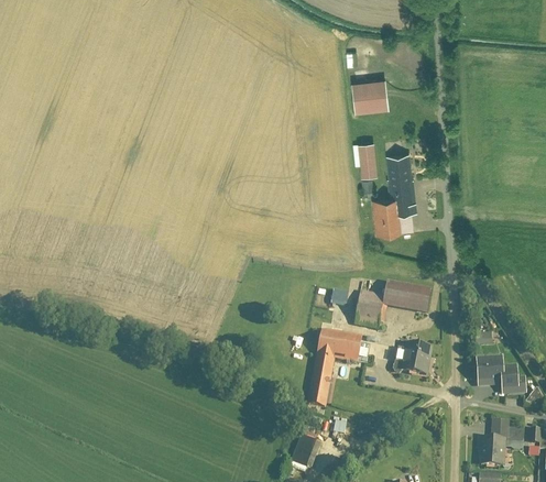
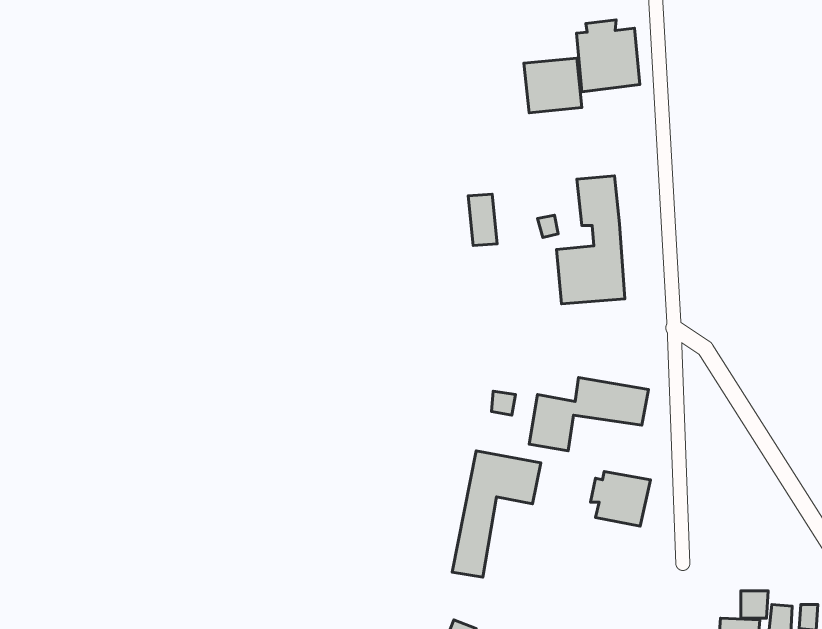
building: none -> [577,20,640,92]
building: [357,139,375,172] -> [468,194,497,245]
building: [476,353,526,393] -> none

